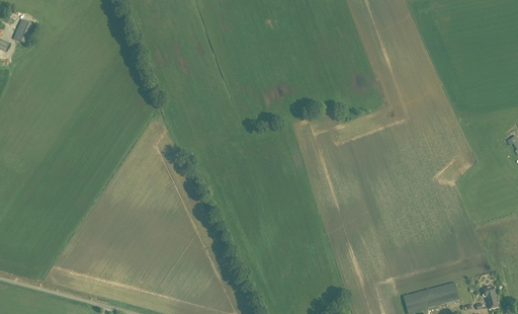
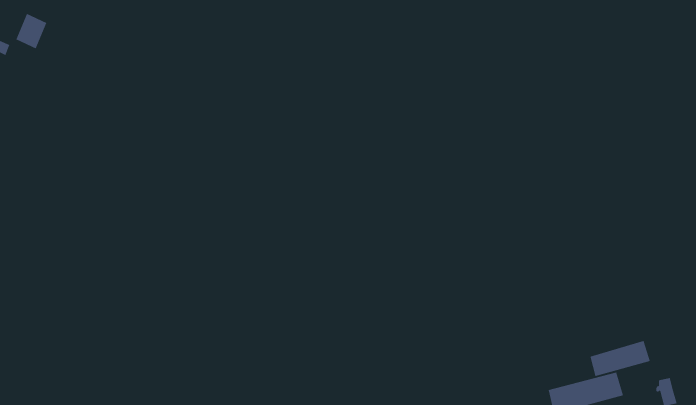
building: none -> [590,340,651,377]

